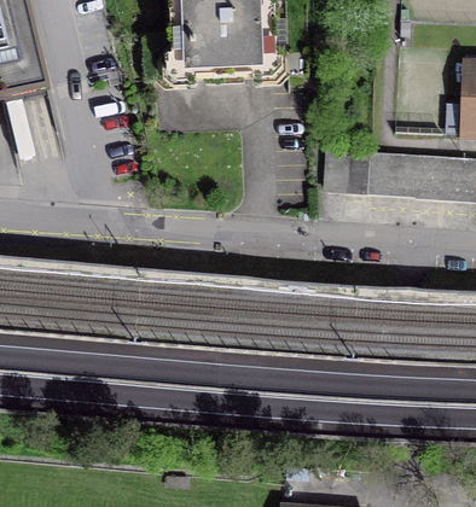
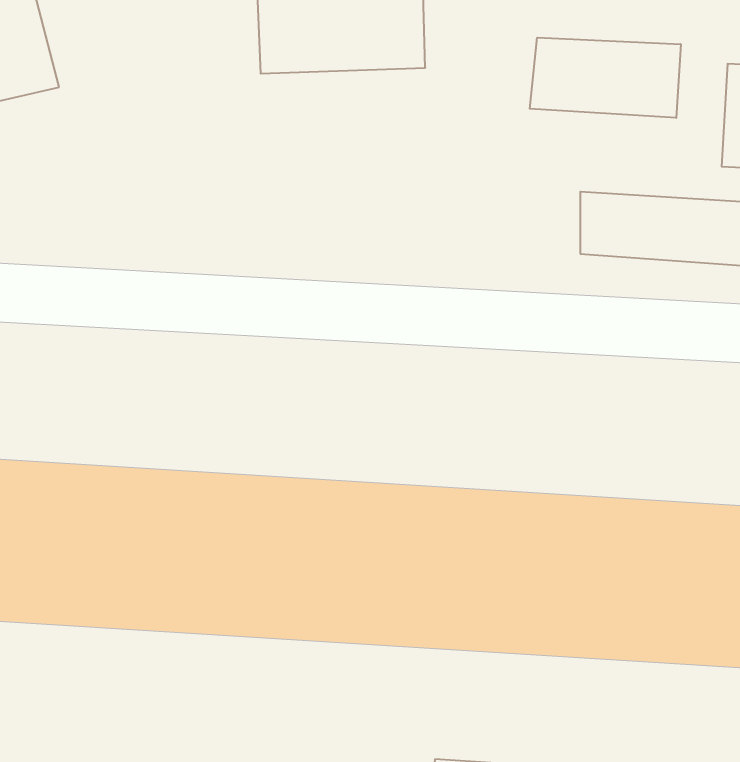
building: none -> [530,38,681,118]
building: [321,148,370,190] -> none

